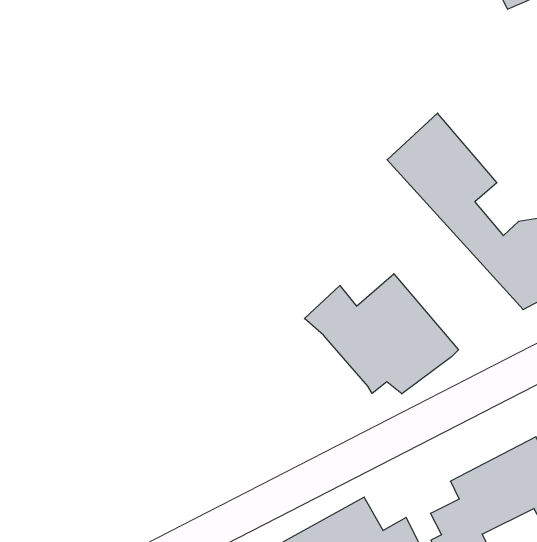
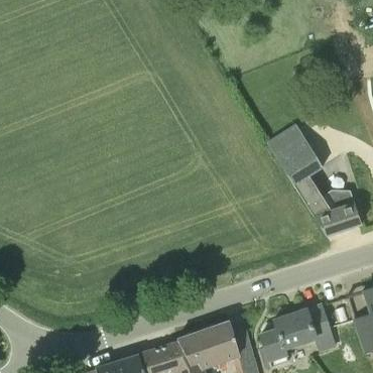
building: [304,274,458,394] -> none

